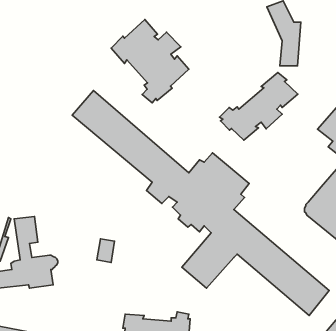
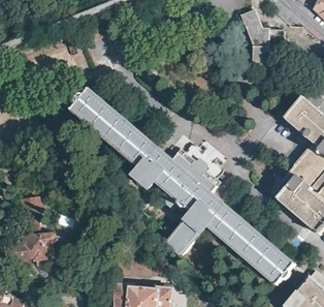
building: [111,20,189,103] -> none
building: [219,73,298,140] -> none

